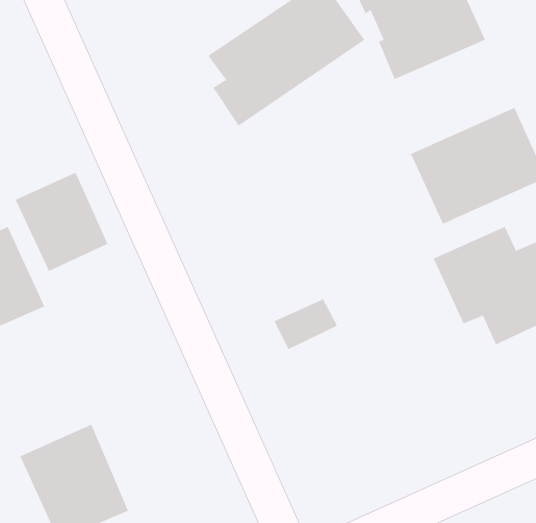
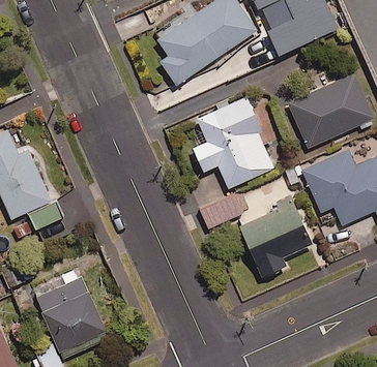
building: none -> [194,96,274,187]
building: [15,172,108,272] -> none
building: none -> [240,205,313,276]

